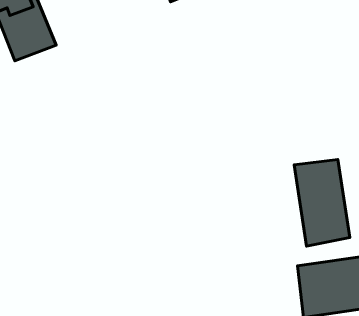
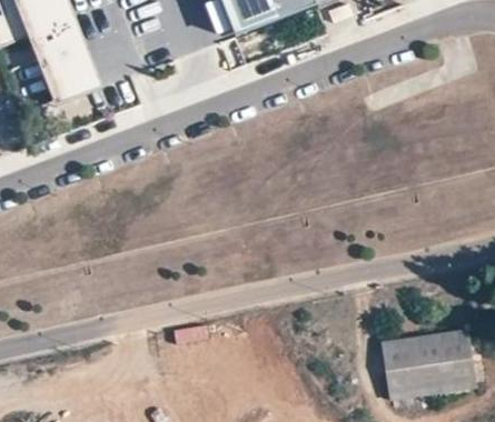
building: [294,159,350,246] -> none

